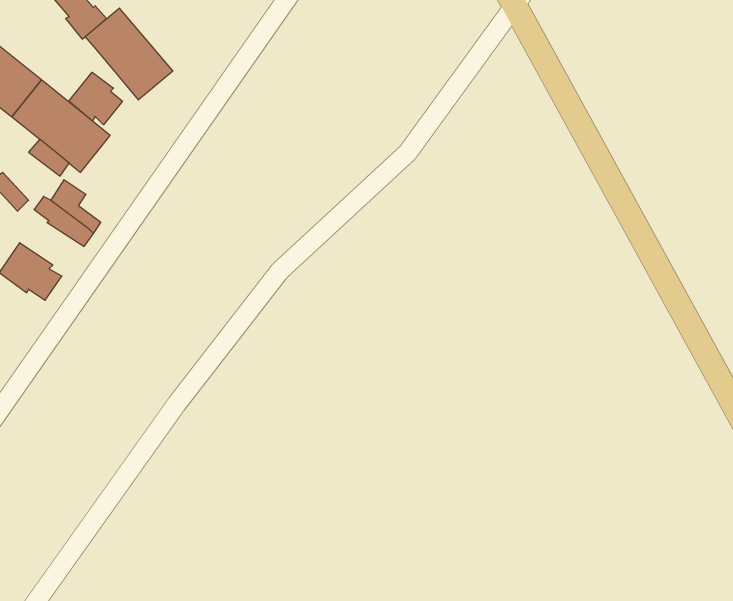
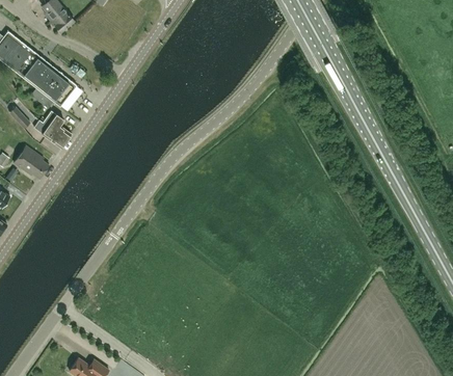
building: [85,8,173,100] -> none
building: [69,72,122,125] -> none

